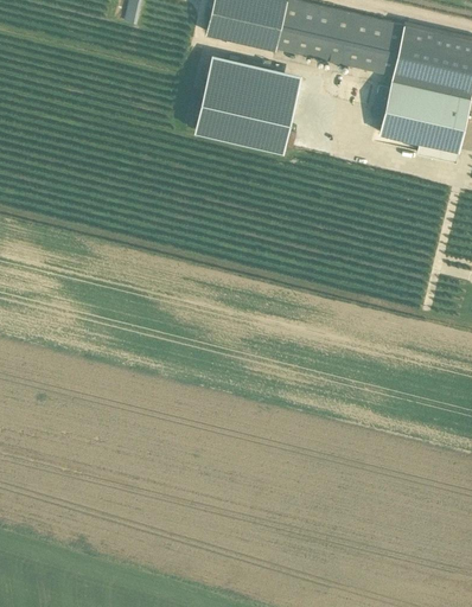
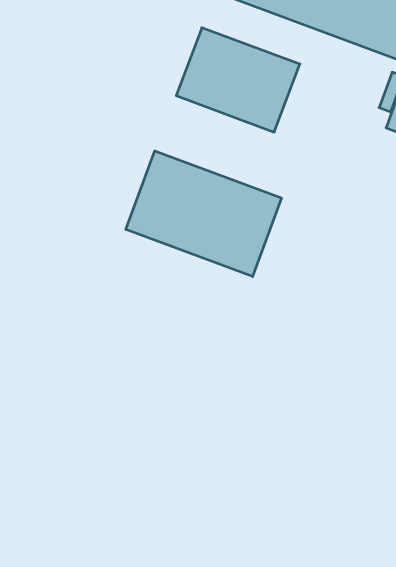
building: none -> [126,151,281,277]

